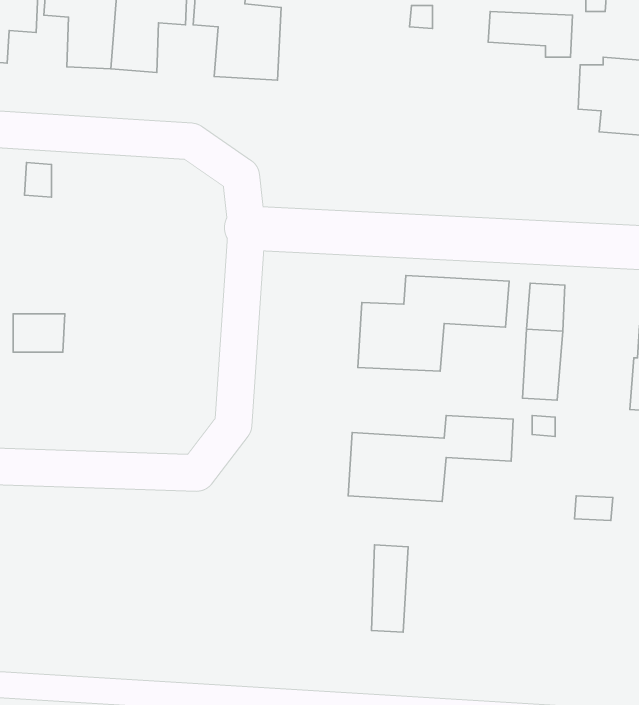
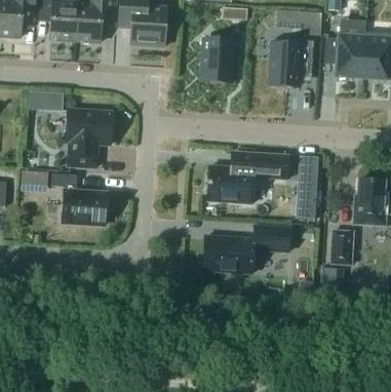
building: none -> [202,39,232,82]
building: none -> [270,39,314,86]
building: none -> [66,109,112,167]
building: none -> [51,173,107,224]
building: none -> [330,231,353,265]
building: [371,545,408,632] -> none

